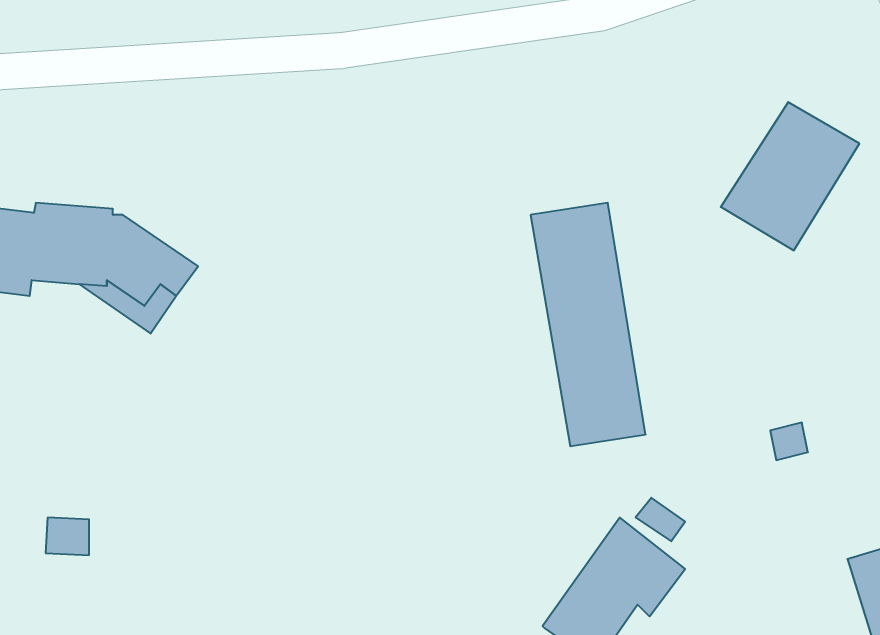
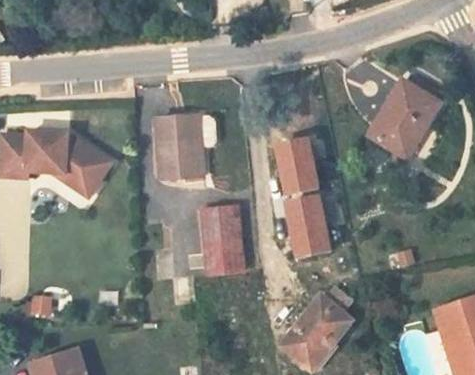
building: none -> [164,118,221,180]
building: none -> [202,211,241,275]

